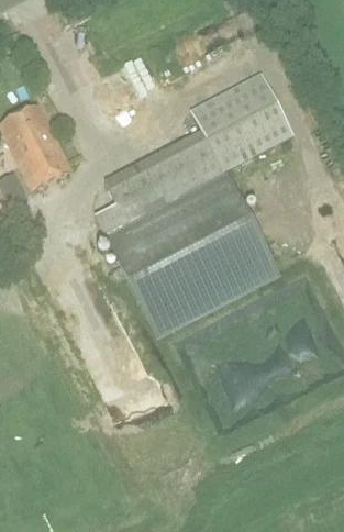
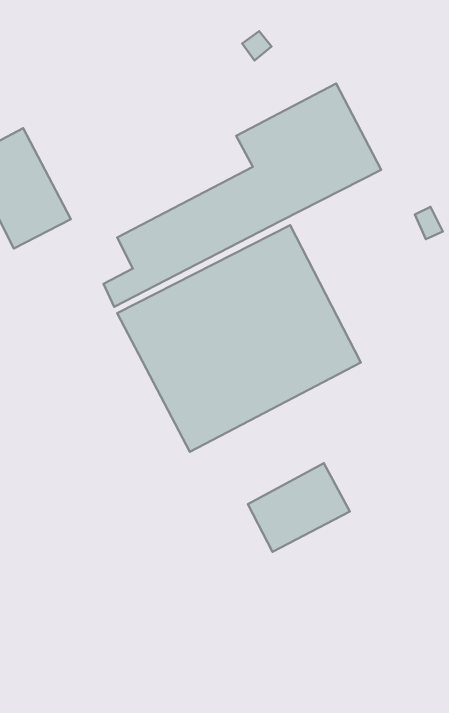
building: none -> [248,463,350,552]

